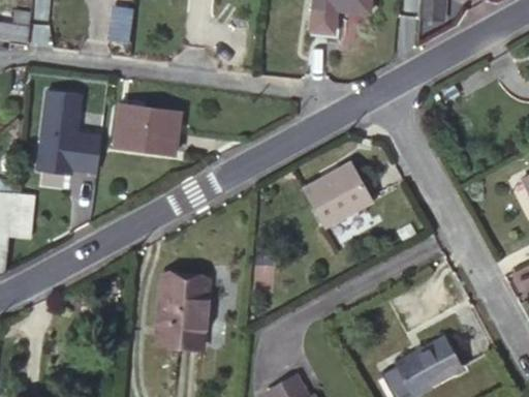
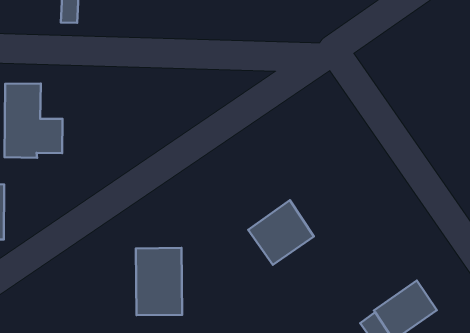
building: [115,103,180,153] -> none
building: [305,162,371,226] -> [248,200,314,265]

